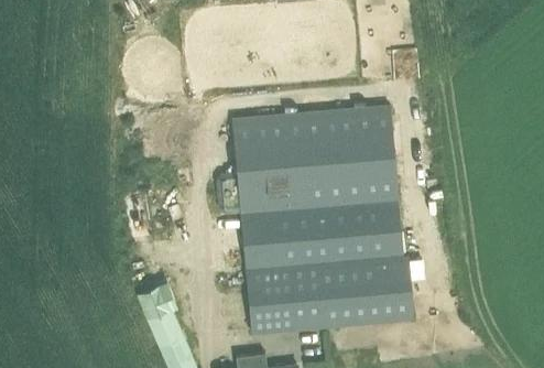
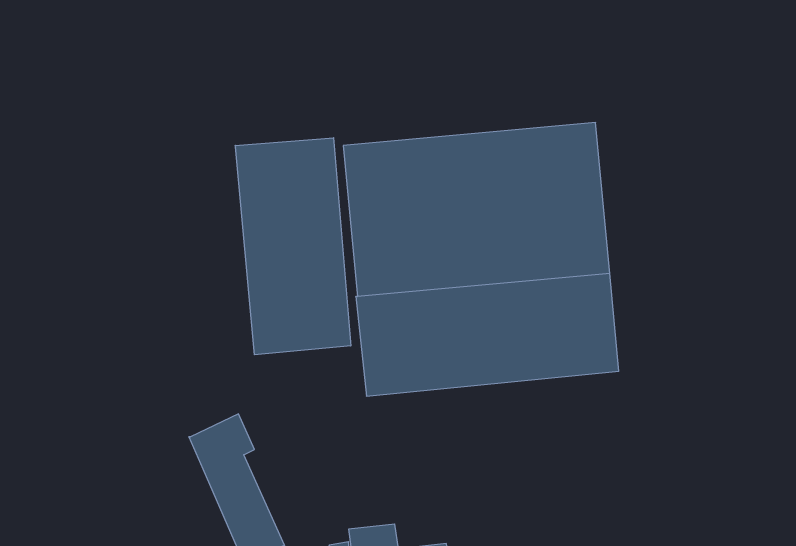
building: none -> [235,138,351,355]
building: [247,257,415,336] -> none

